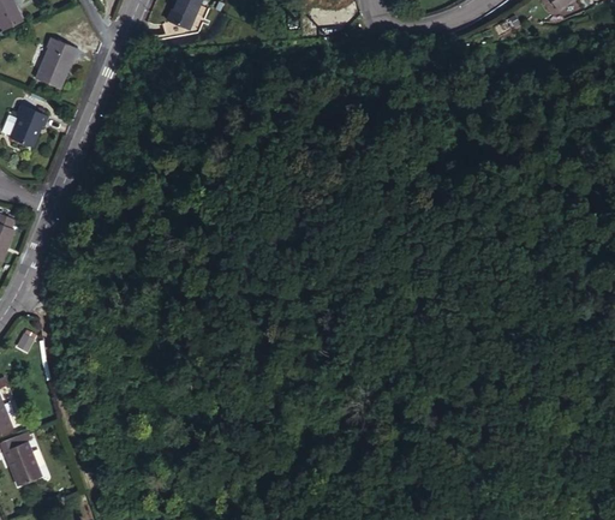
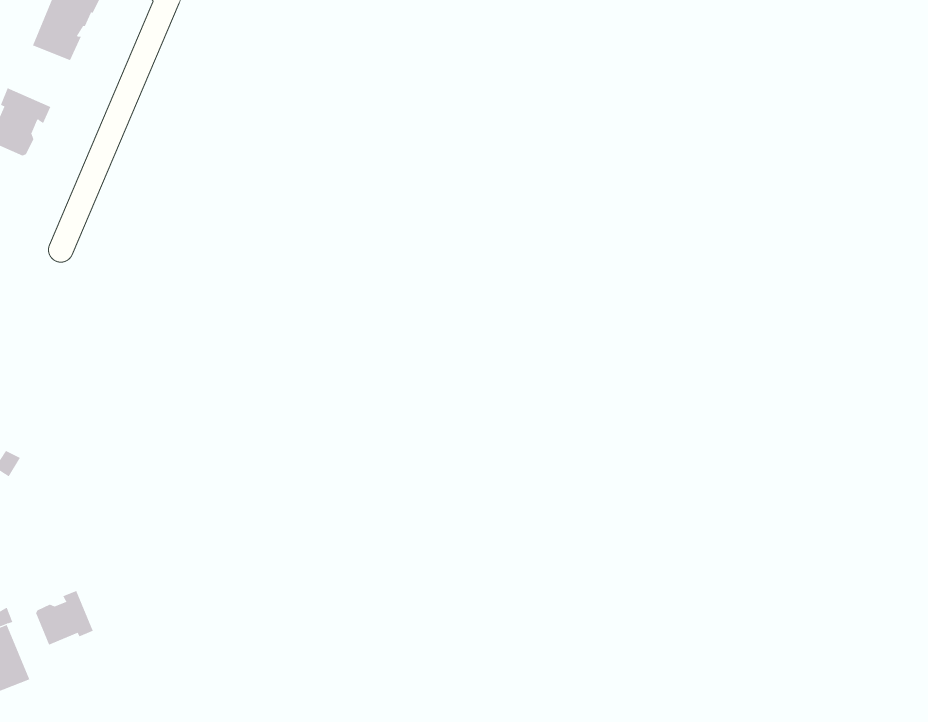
building: none -> [35,590,93,645]

